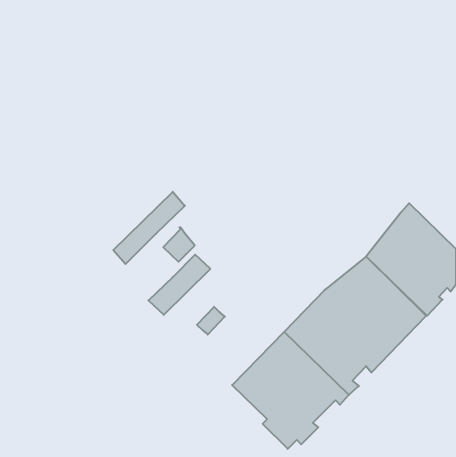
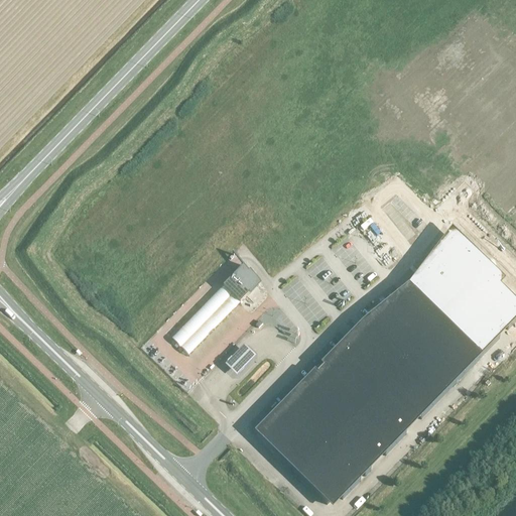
building: [113,192,185,264] -> none
building: [163,227,195,262] -> [219,263,254,301]

